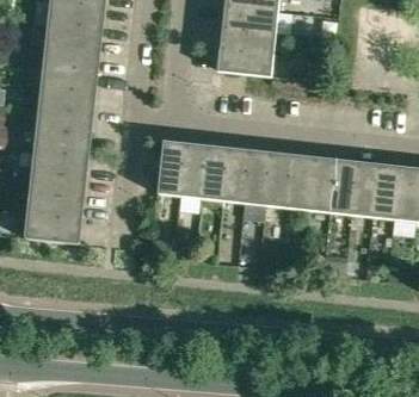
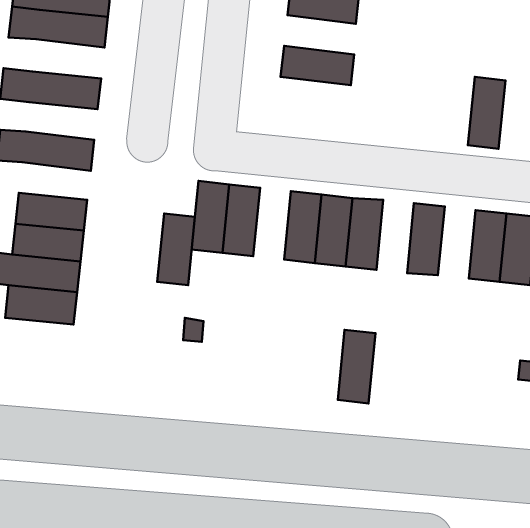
building: [222,26,272,54] -> none
building: [47,43,97,70] -> none
building: [42,87,92,113] -> none
building: [37,129,87,155] -> none
building: [201,147,227,197] -> [157,213,195,285]
building: [286,155,313,206] -> [338,330,375,403]
building: [329,160,356,210] -> [468,77,505,149]

